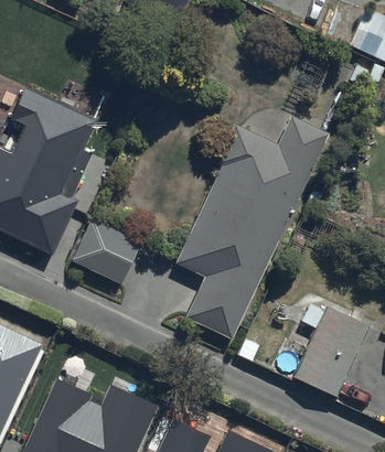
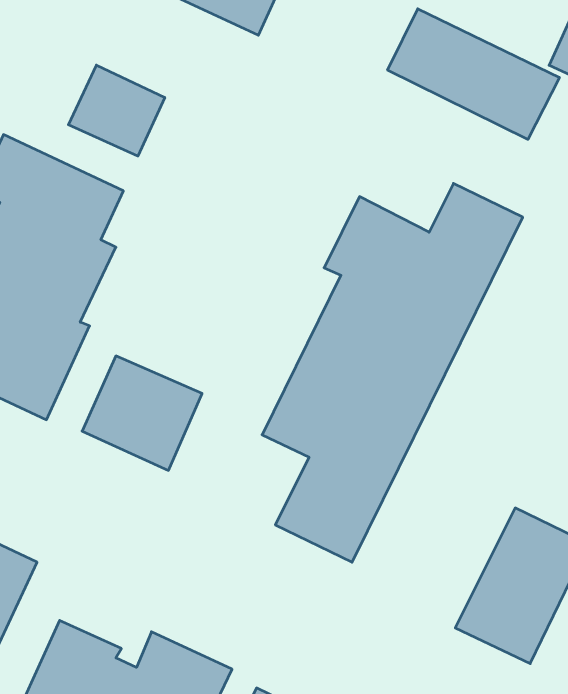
building: none -> [388,9,559,139]
building: none -> [68,65,165,156]

